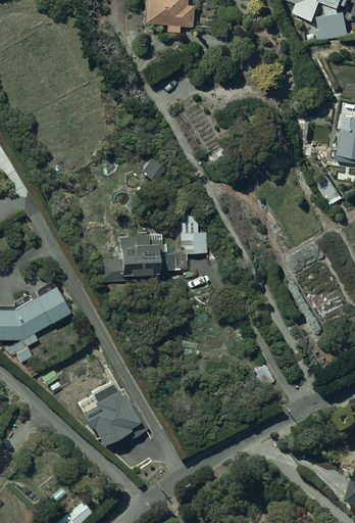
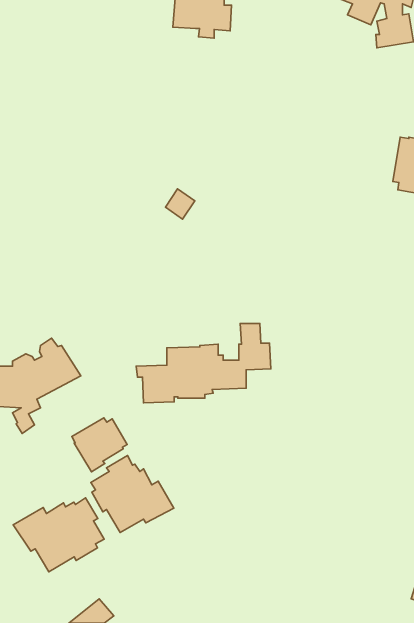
building: [94,217,206,283] -> [136,323,271,403]
building: none -> [72,418,127,472]
building: none -> [13,498,104,572]

